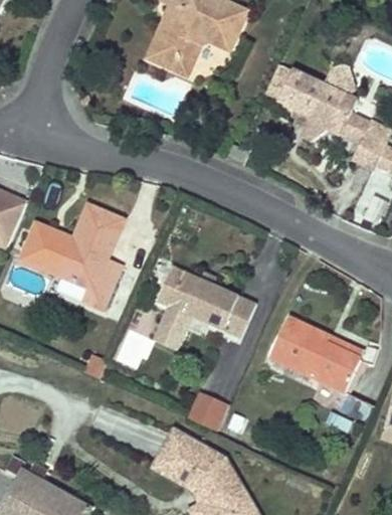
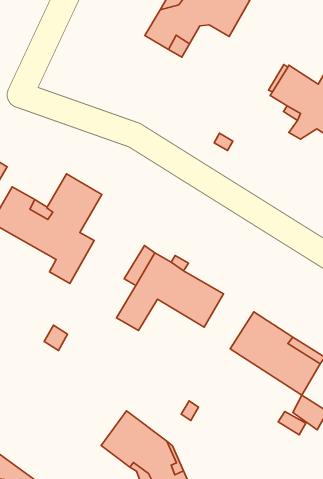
building: [189,391,228,430] -> none

